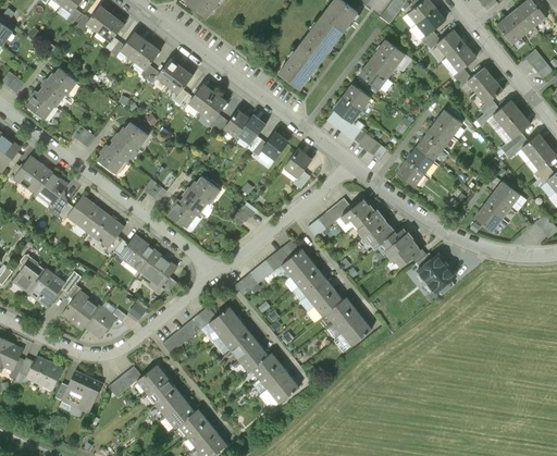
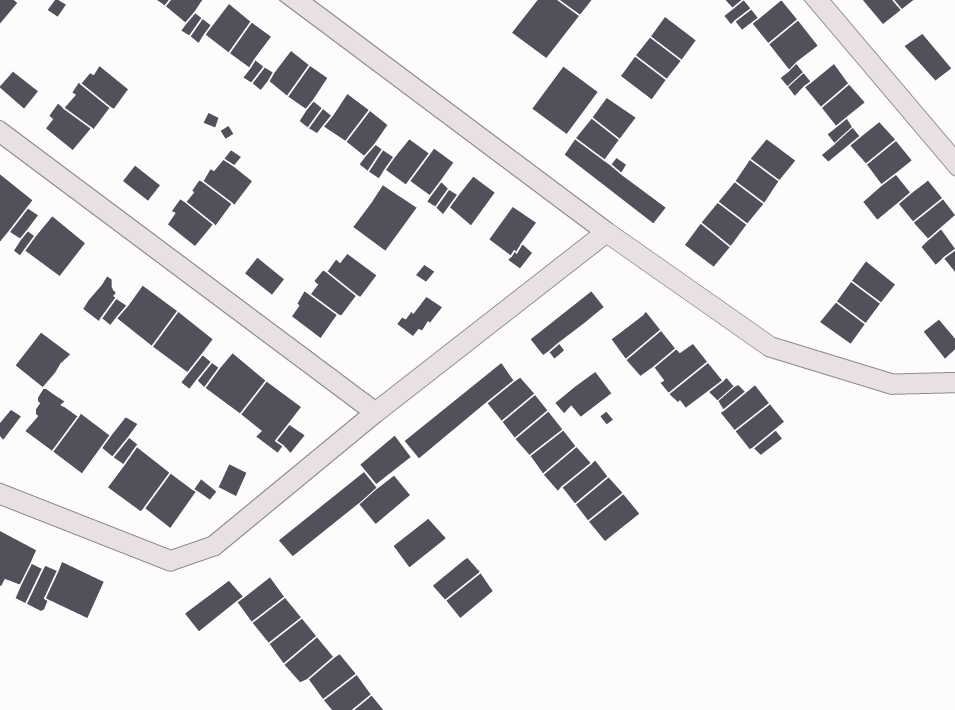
building: [278,49,318,89] -> [531,66,599,135]
building: none -> [352,184,418,252]
building: [36,171,69,204] -> [15,332,71,388]
building: [339,199,373,226] -> [554,371,613,418]
building: [219,317,249,346] -> [359,434,412,485]
building: [238,342,270,371] -> none
building: [57,370,103,411] -> none
building: [268,372,299,404] -> none

